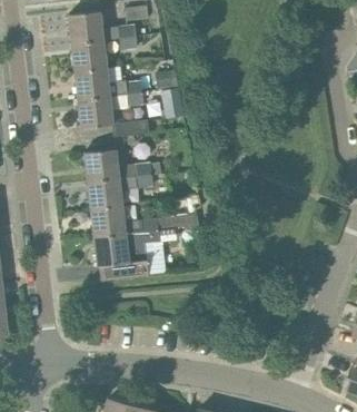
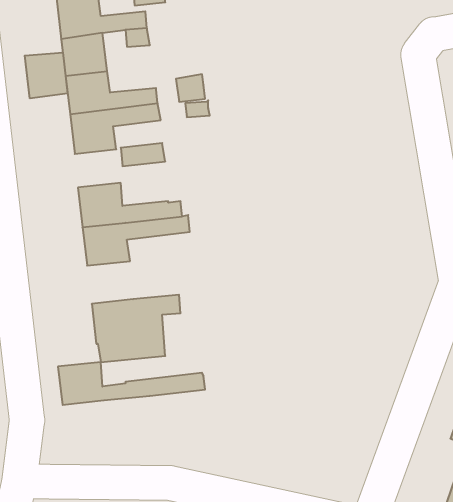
building: none -> [25,52,67,98]
building: [90,206,197,237] -> [58,362,205,405]

